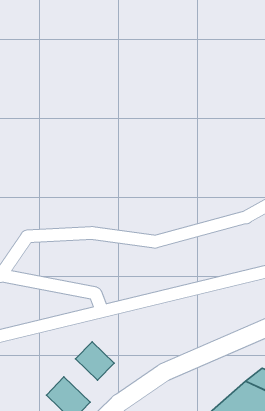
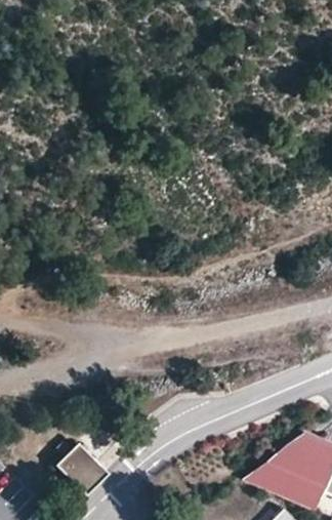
building: [76,342,114,380] -> none

